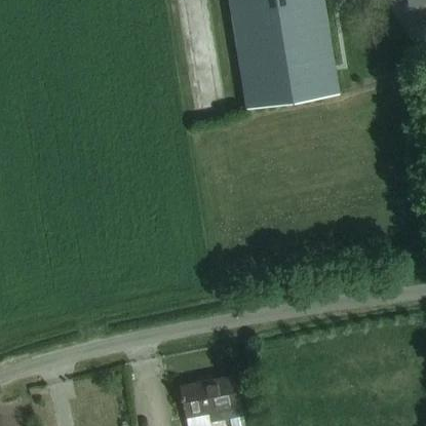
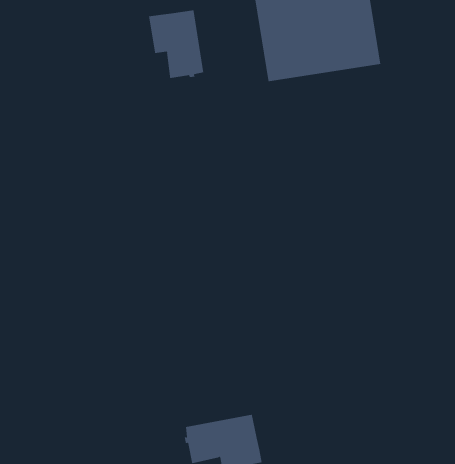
building: none -> [149,10,204,79]

